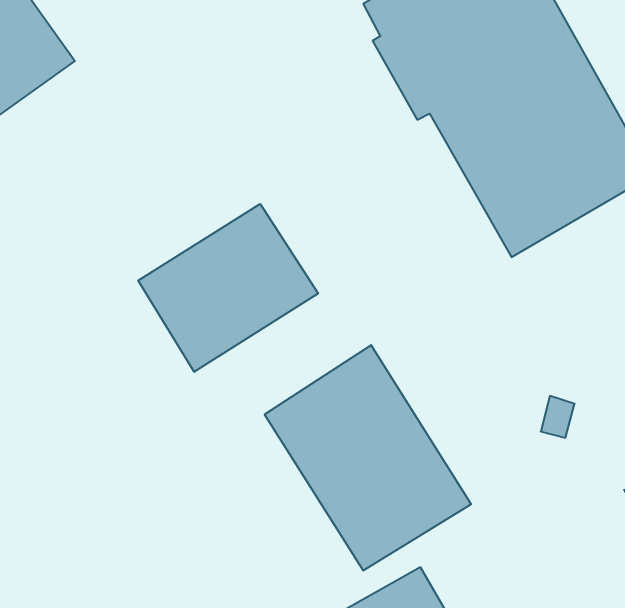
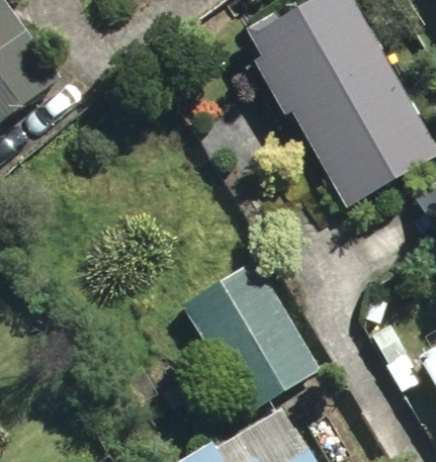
building: [138,204,318,372] -> none

